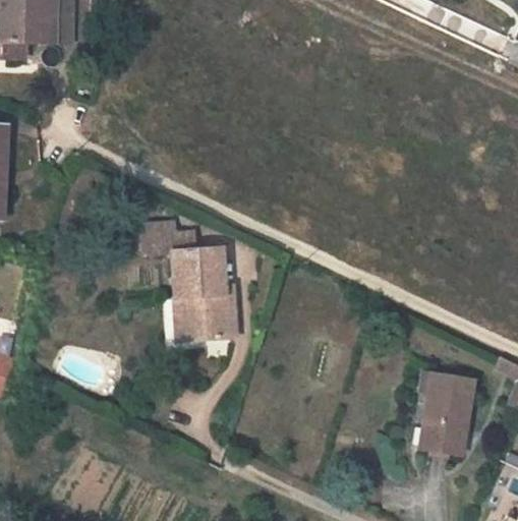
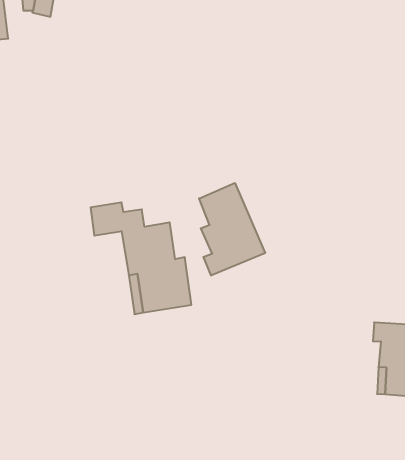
building: none -> [199,183,265,276]

